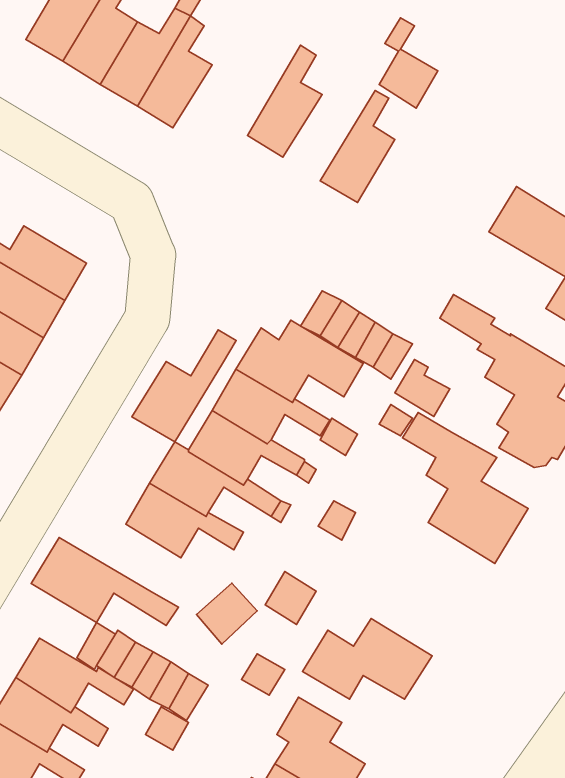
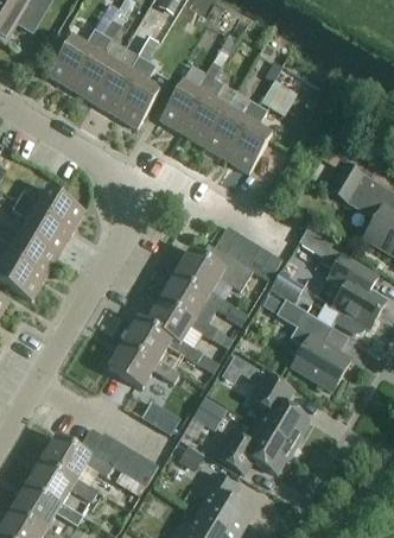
building: none -> [159,72,214,132]
building: none -> [203,99,259,159]
building: [132,330,236,442] -> none
building: none -> [249,373,309,447]
building: [31,537,178,625] -> none

